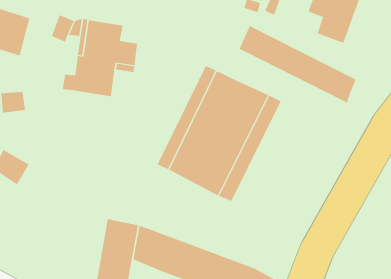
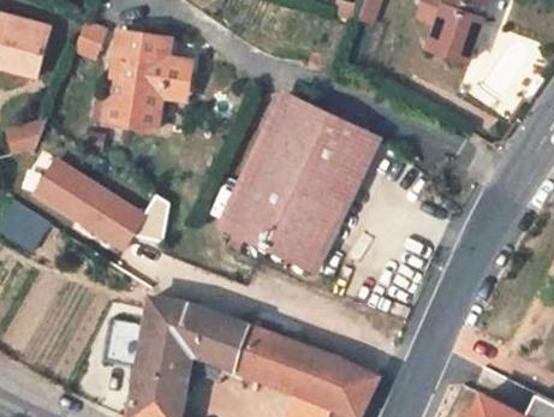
building: [239,25,356,104] -> none
building: none -> [31,157,168,255]

